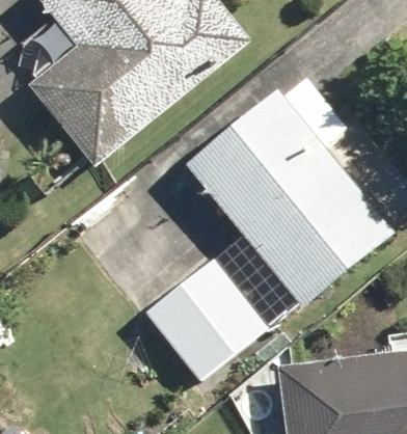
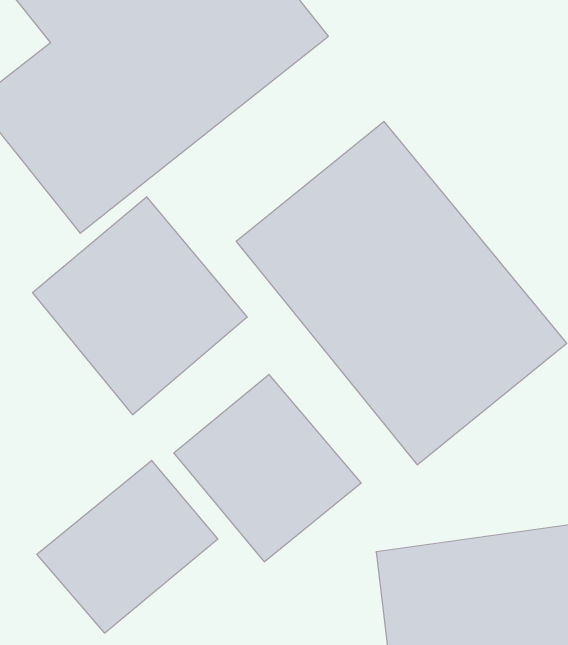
building: none -> [33,197,247,415]
building: none -> [37,460,218,633]

